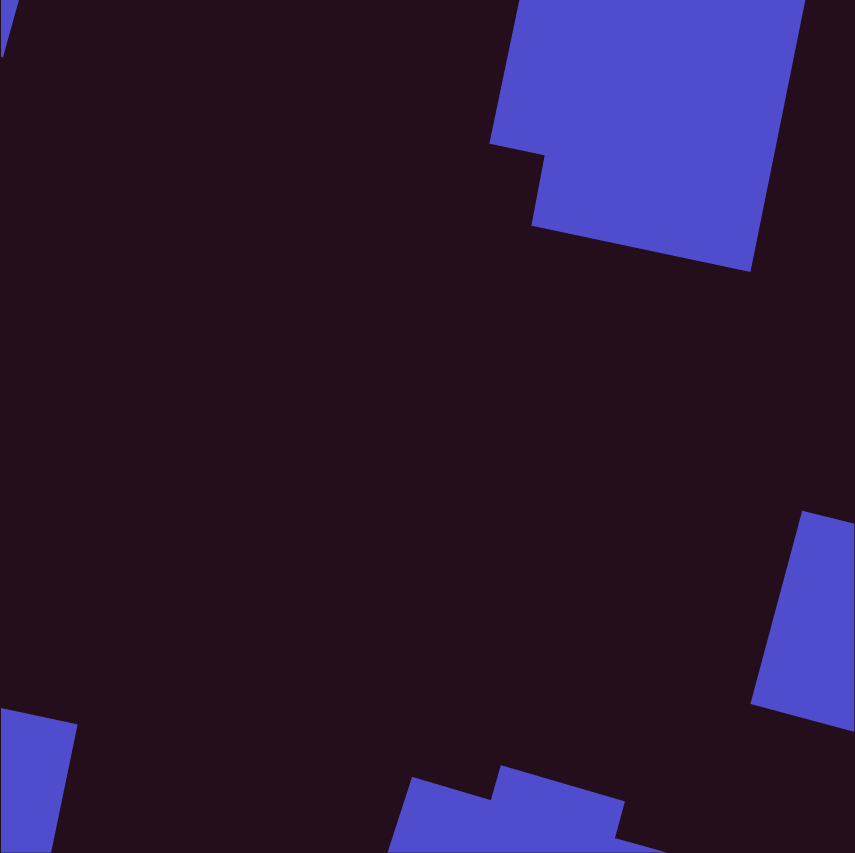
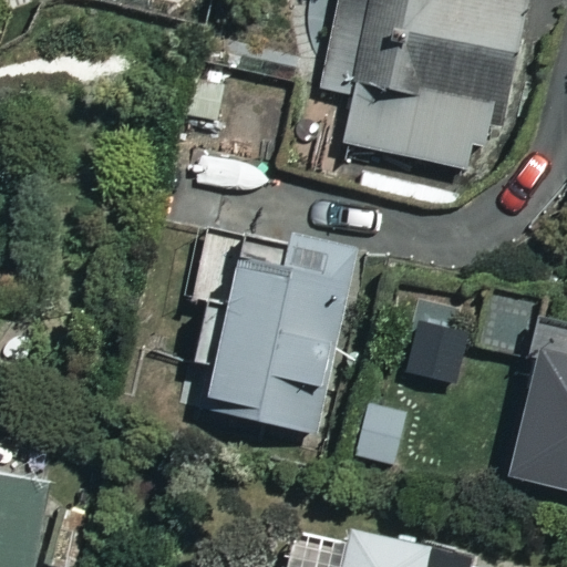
building: none -> [196,244,341,446]

